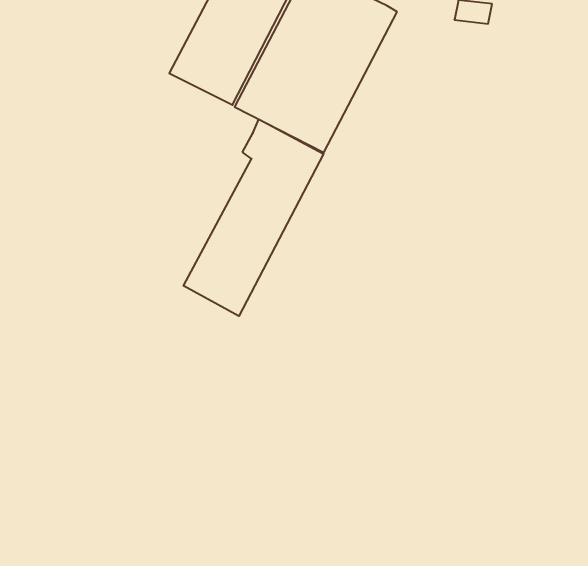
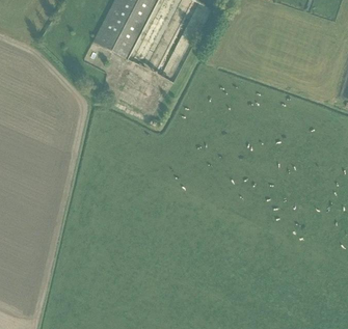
building: [184,119,324,316] -> none

